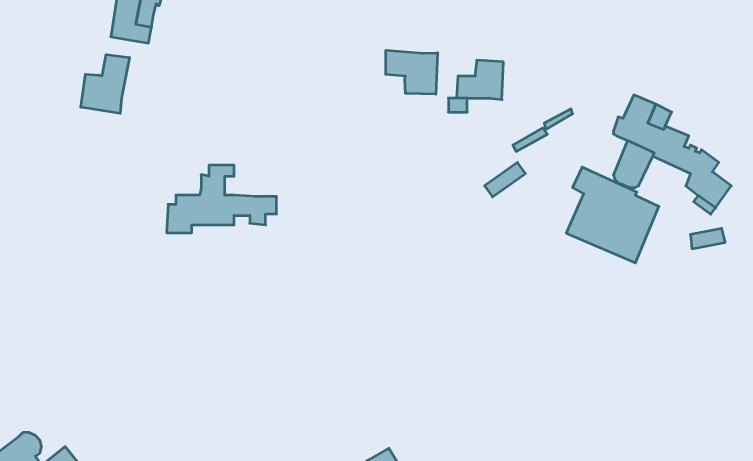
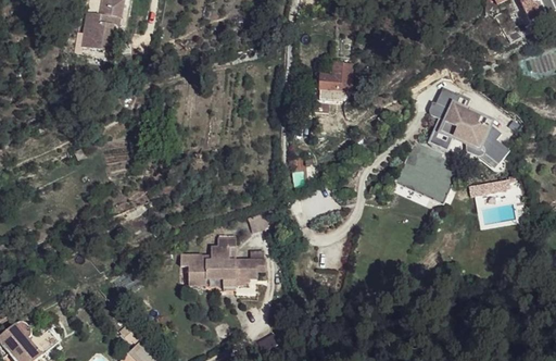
building: [386,50,438,94] -> none
building: [81,55,129,113] -> none
building: [167,165,277,233] -> [189,237,265,284]

